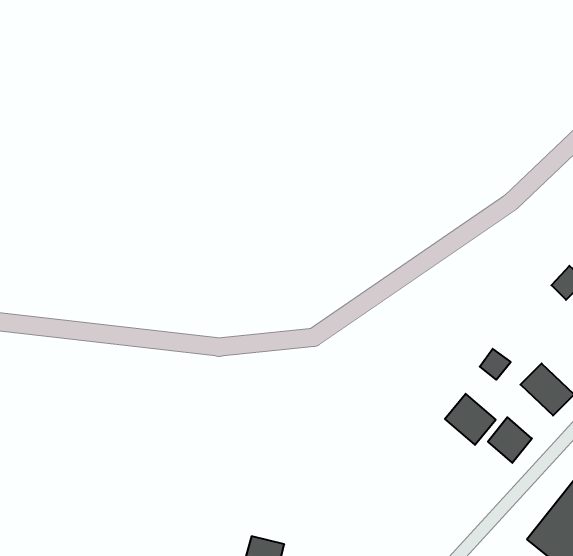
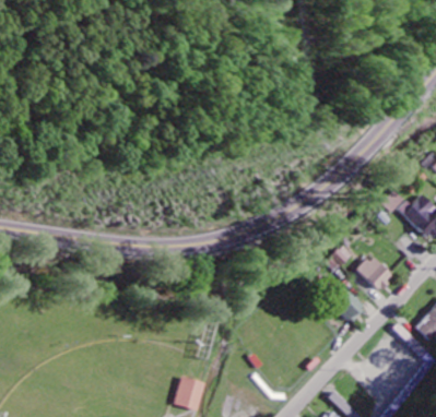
building: [445,394,496,445] -> none

